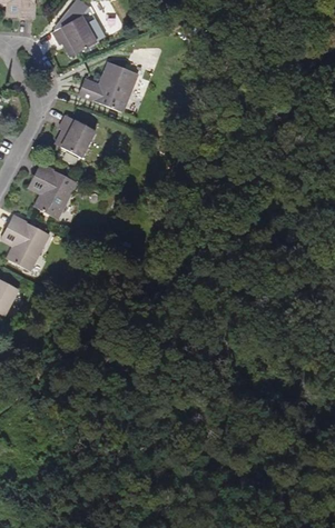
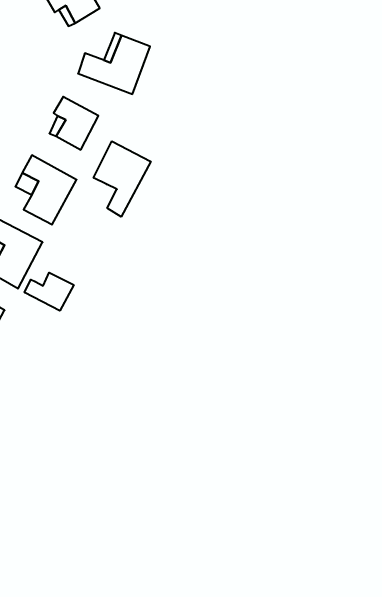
building: none -> [94,141,151,217]
building: none -> [25,273,74,311]

